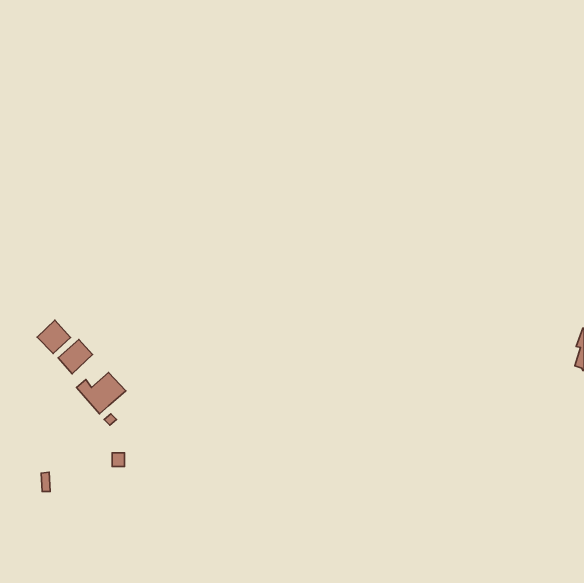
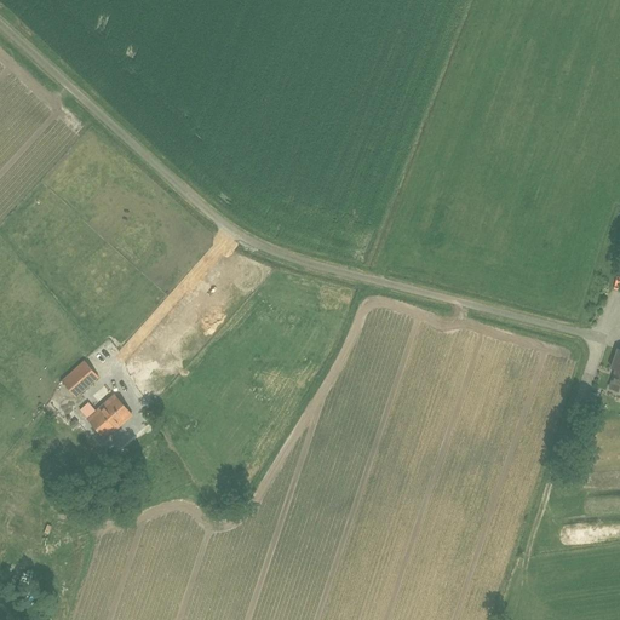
building: [37,320,70,354] -> none

